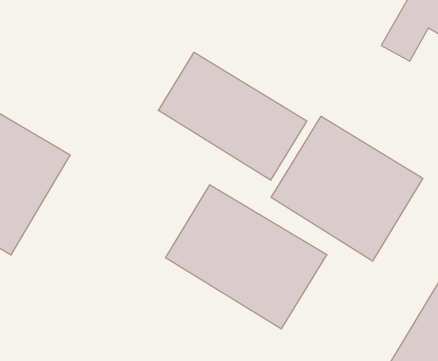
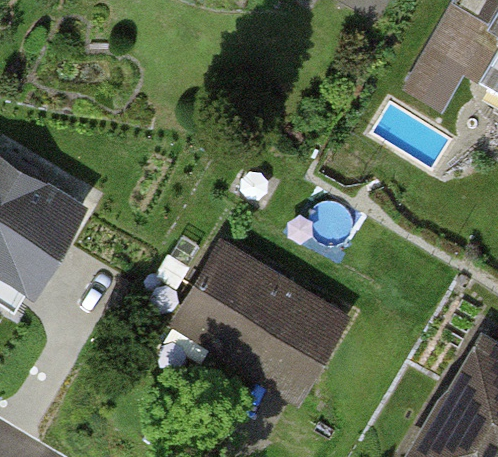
building: [158,52,307,180] -> none
building: [271,116,423,261] -> none

